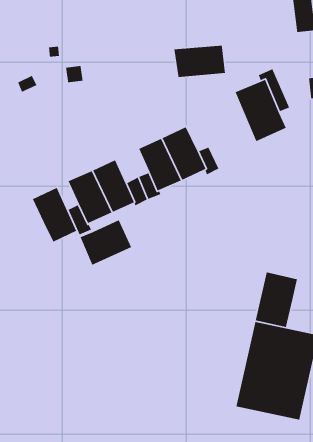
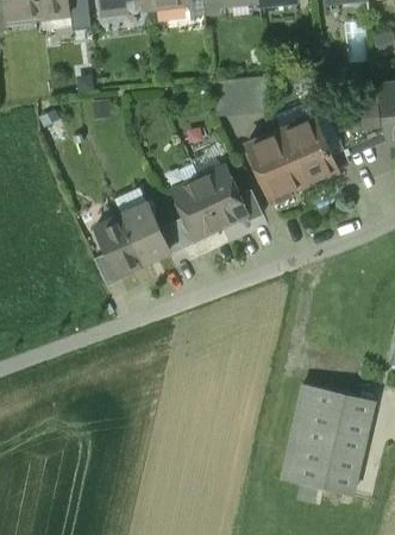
building: none -> [247,128,303,203]
building: [32,187,77,242] -> none
building: [79,219,132,266] -> none
building: [255,272,298,328] -> none

